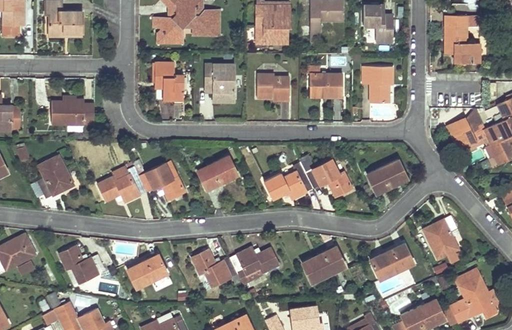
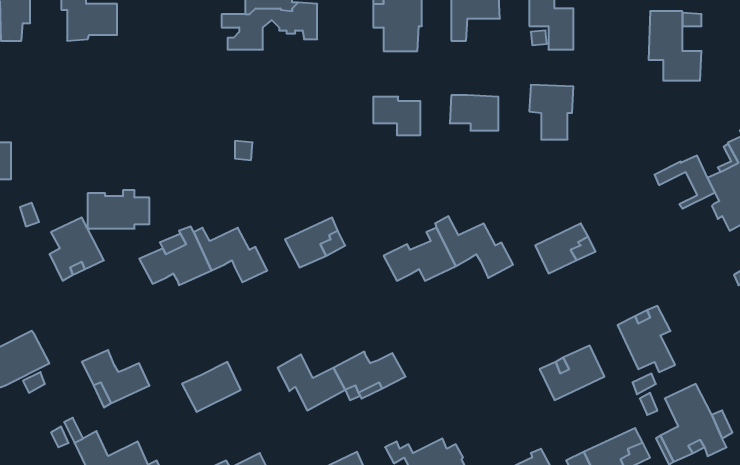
building: [154,62,183,100] -> none
building: [204,64,235,102] -> none
building: [52,98,94,124] -> [88,190,149,229]
building: [451,125,477,150] -> none
building: [302,246,346,283] -> none

